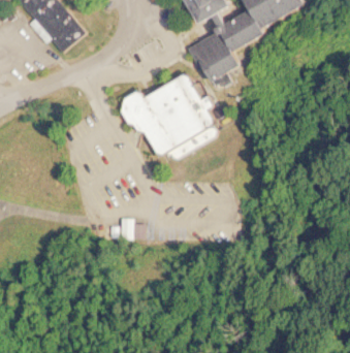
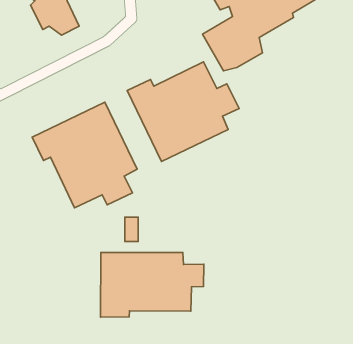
building: none -> [32,102,137,208]
building: none -> [101,253,204,317]

